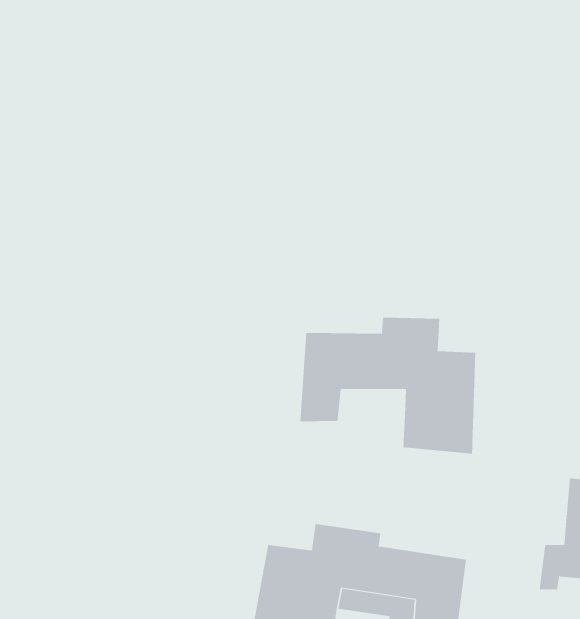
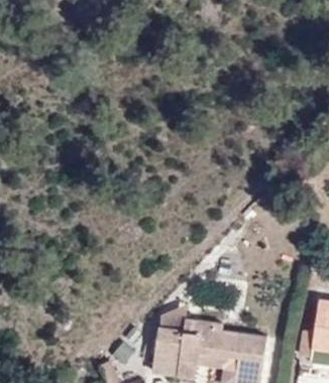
building: [300,317,476,454] -> none

